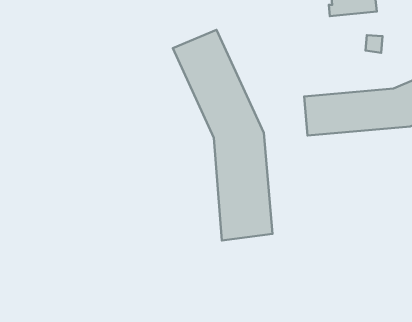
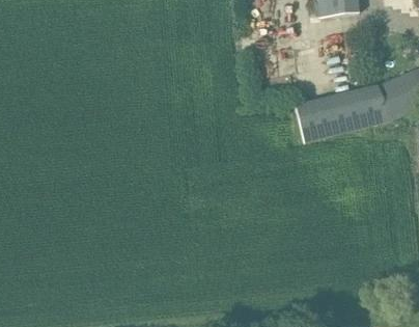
building: [173,30,272,240] -> none

